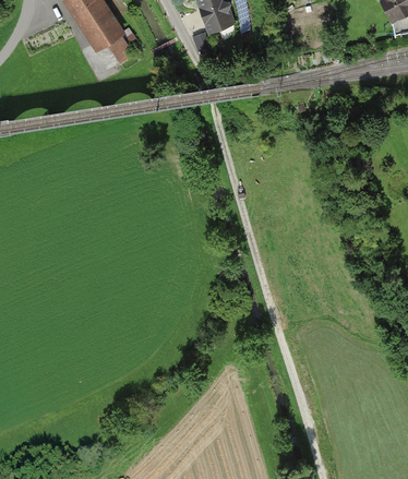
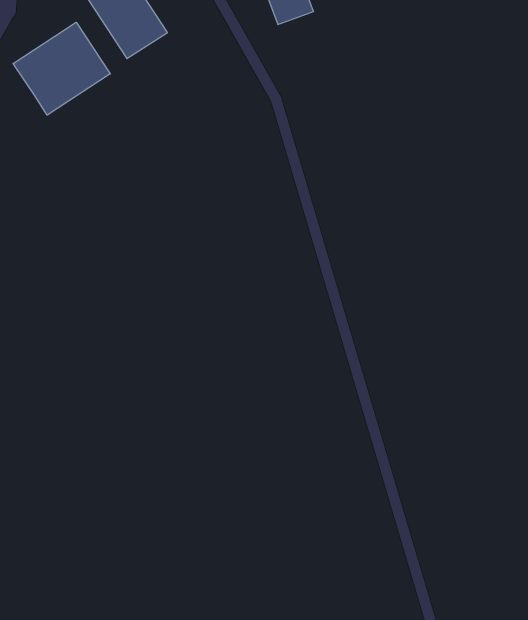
building: none -> [13,22,110,115]

